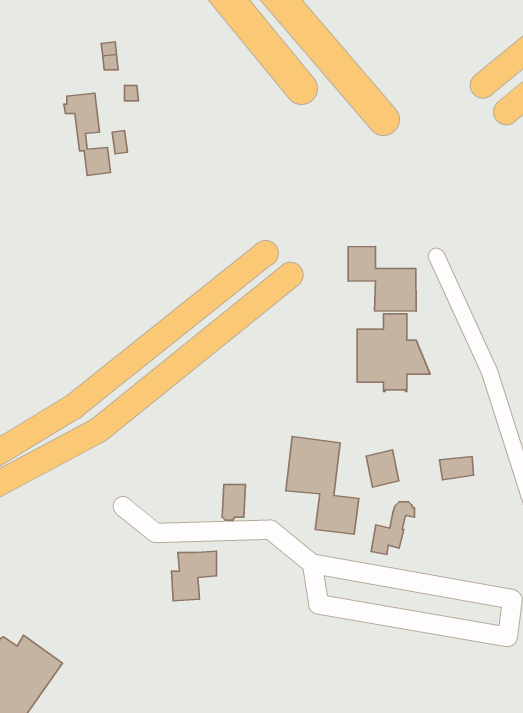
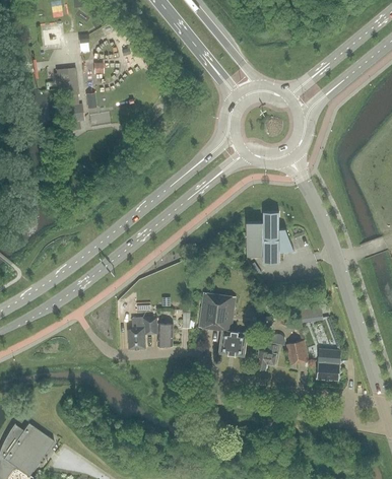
building: [348,246,416,311] -> none
building: [366,450,399,487] -> [287,340,309,364]
building: none -> [317,348,341,380]
building: [172,551,217,601] -> [128,317,157,349]

